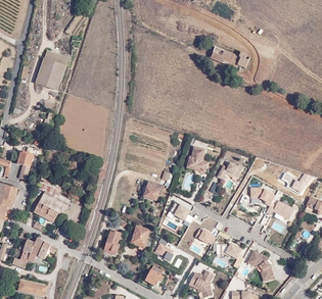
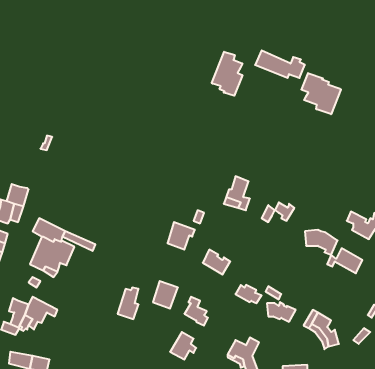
building: none -> [212,52,242,96]
building: [35,50,67,89] -> none
building: none -> [301,73,341,114]

